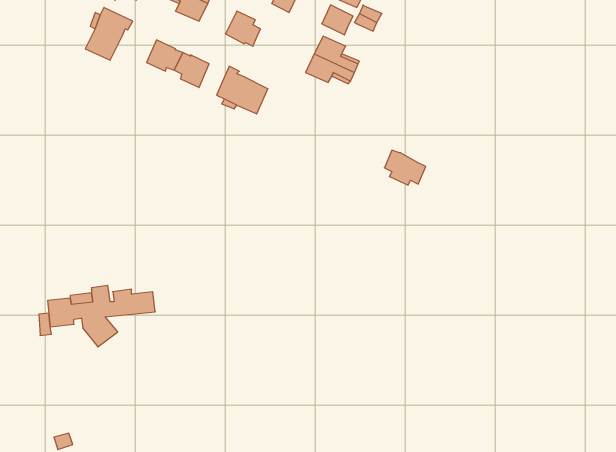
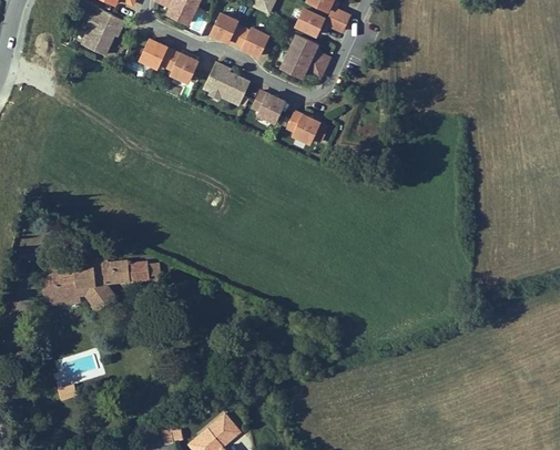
building: none -> [235,28,267,55]
building: none -> [253,92,284,122]
building: [384,150,426,185] -> [288,113,325,144]

